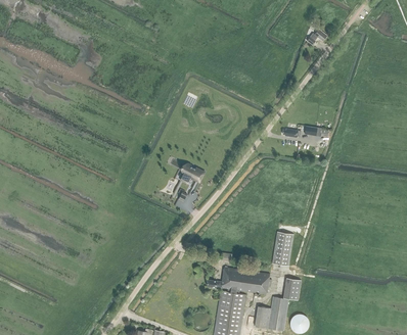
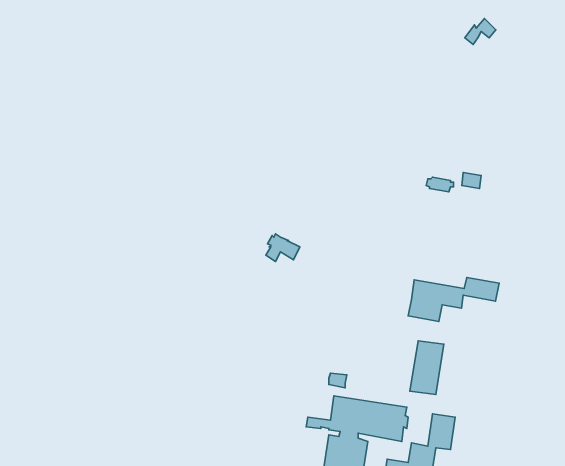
building: none -> [408,277,499,321]

